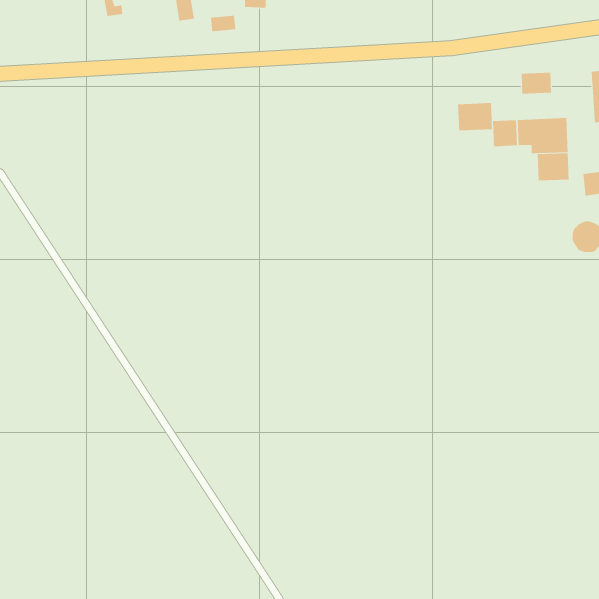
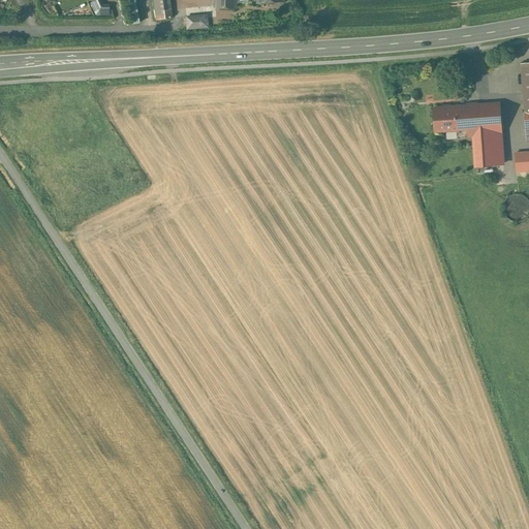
building: [521,72,552,95] -> none
building: [458,102,492,131] -> none

